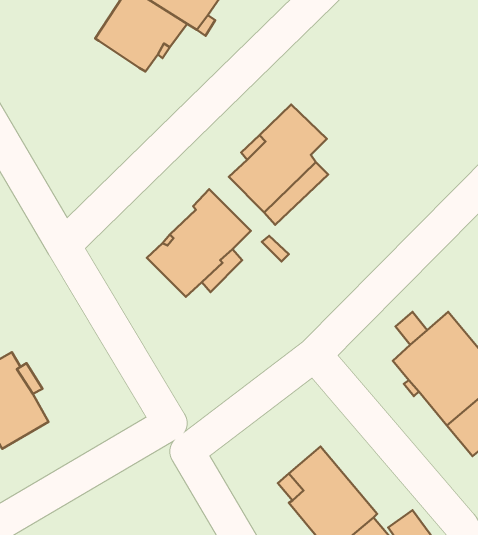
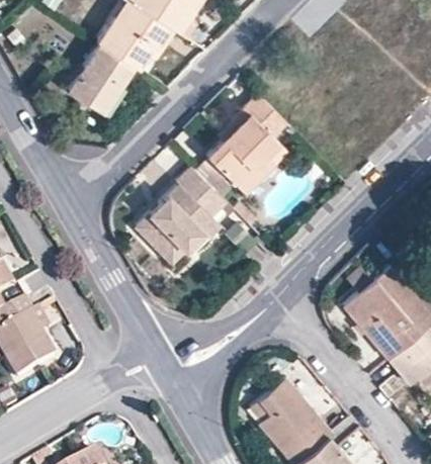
building: none -> [69,42,134,111]

